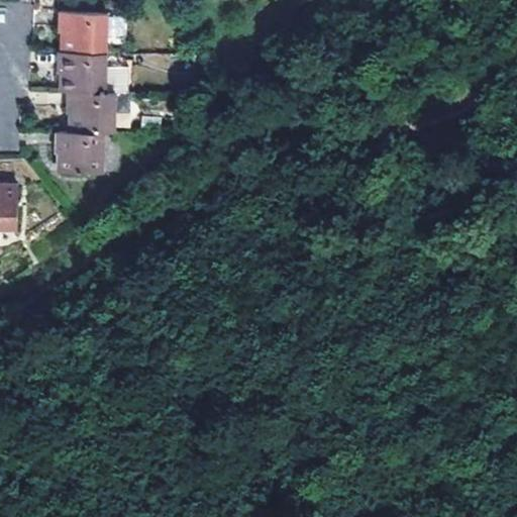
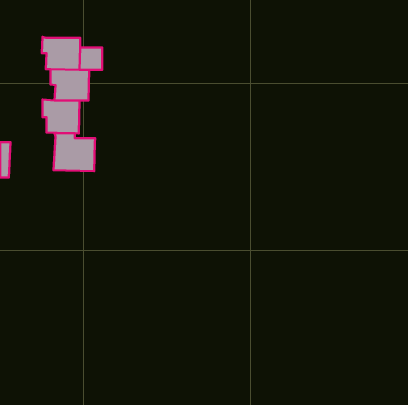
building: [57,13,104,55] -> none
building: none -> [54,133,95,171]

